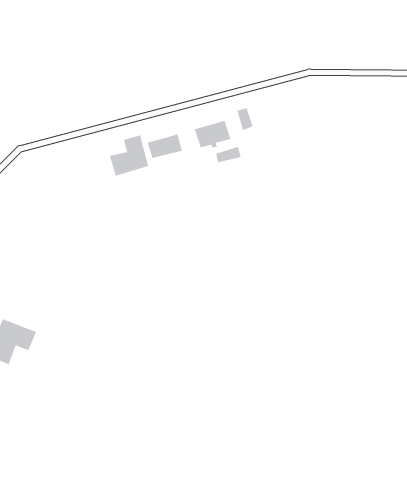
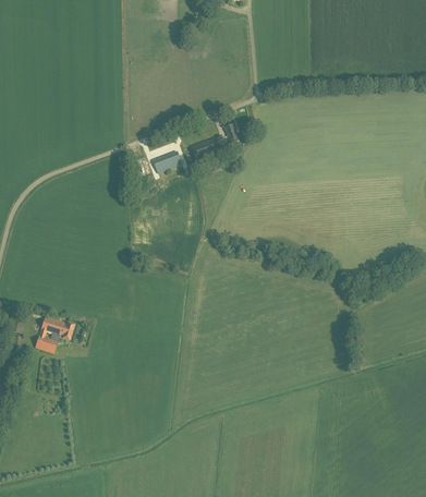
building: [109,135,149,177] -> none

